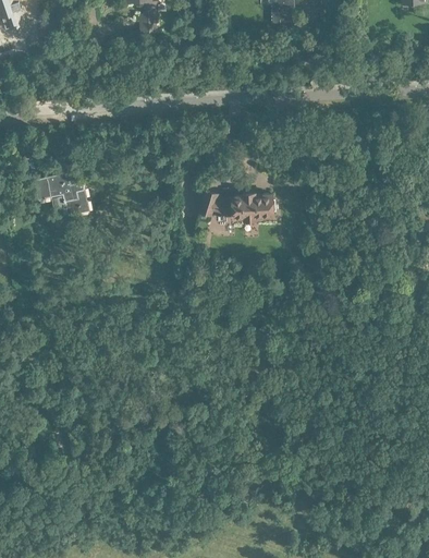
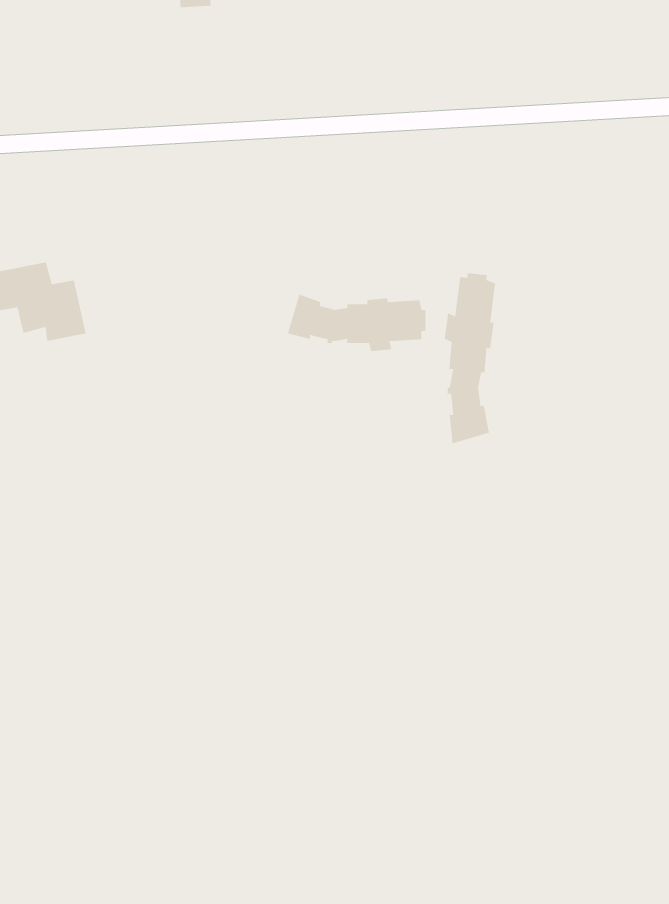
building: none -> [444,272,496,444]

